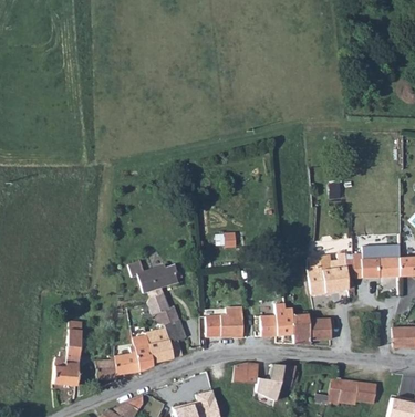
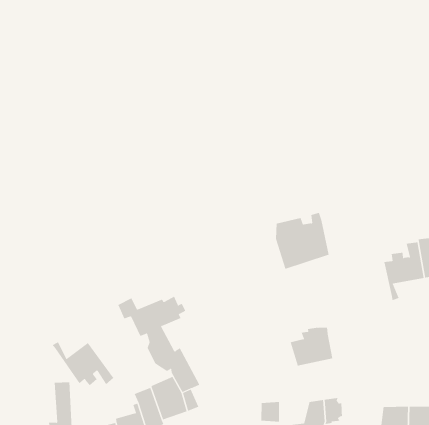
building: [307,254,349,296] -> [275,212,330,269]
building: none -> [52,342,114,386]
building: [206,309,243,338] -> none
building: [294,313,334,346] -> none

